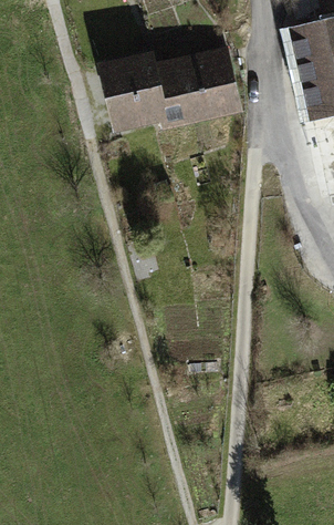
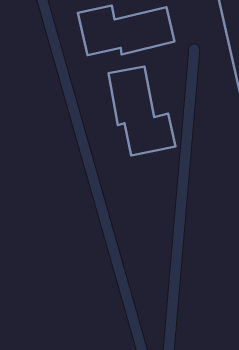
building: none -> [109,66,175,155]

